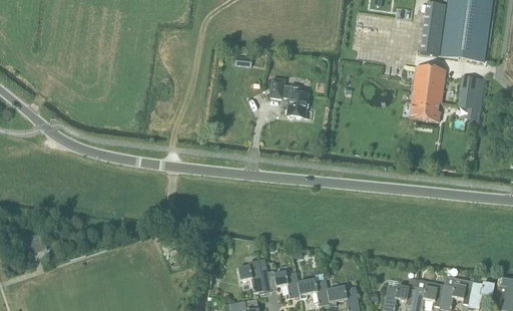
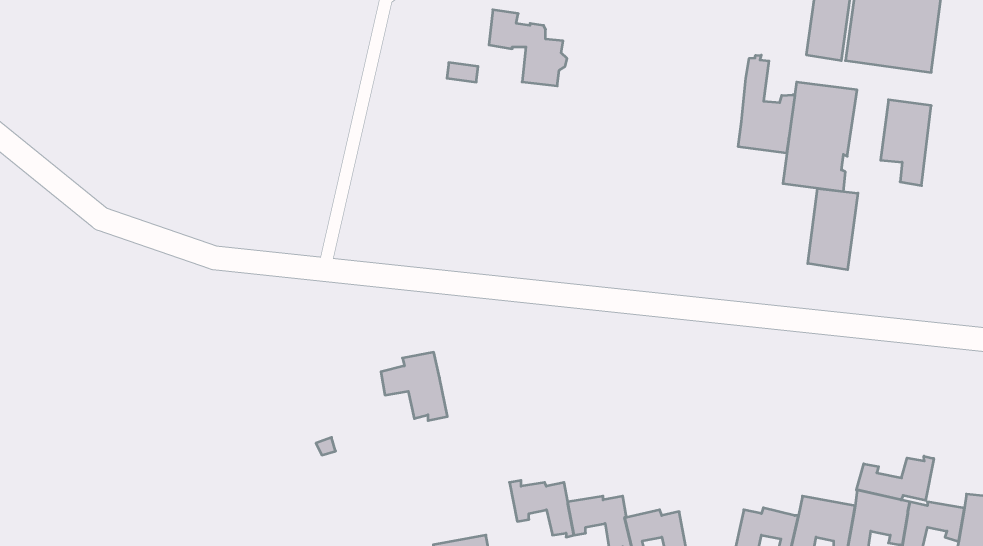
building: none -> [738,55,795,153]
building: [269,77,309,116] -> [489,10,567,86]
building: none -> [808,188,858,270]
building: none -> [856,456,934,500]
building: [237,258,272,293] -> [381,352,447,421]

